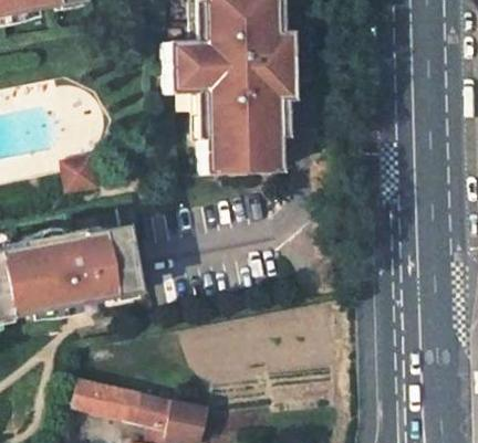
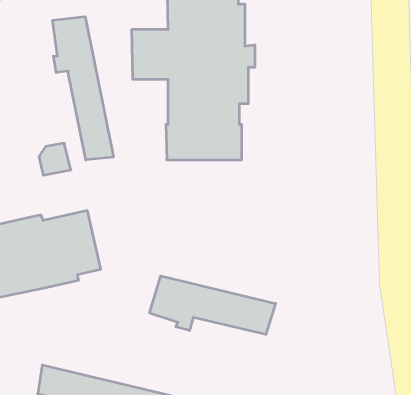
building: none -> [53,17,113,160]
building: none -> [150,276,276,334]

